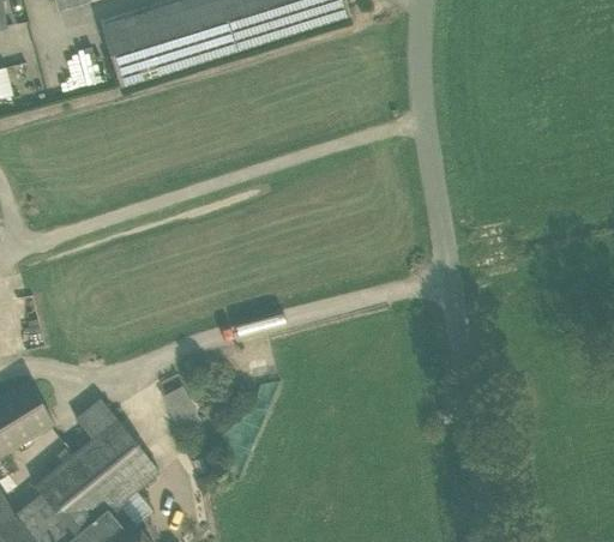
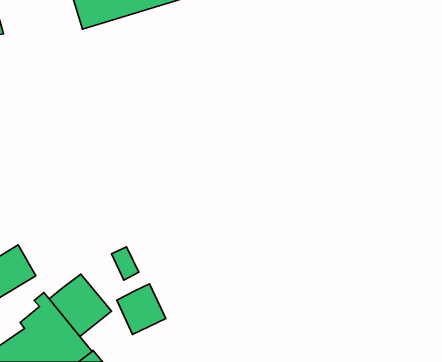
building: [73,396,115,436] -> none
building: none -> [117,284,166,334]

